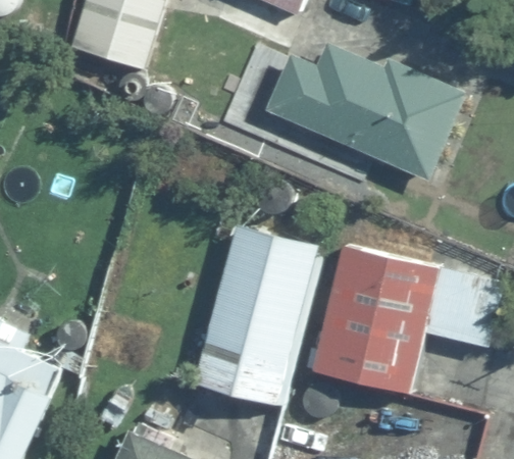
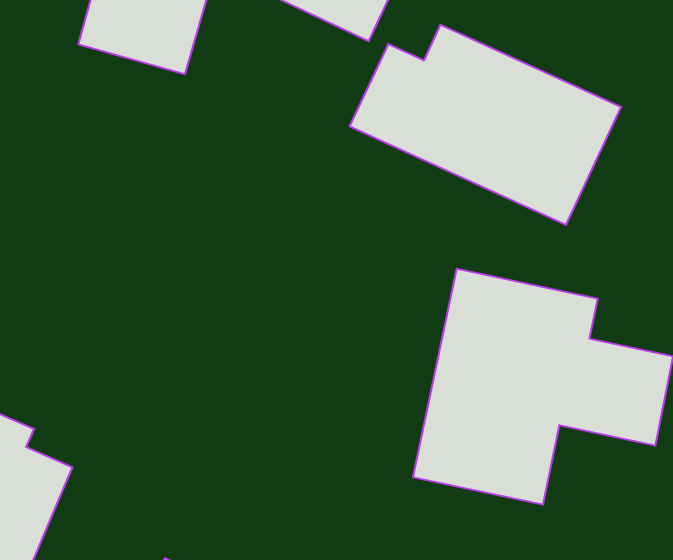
building: [196,218,318,400] -> none

